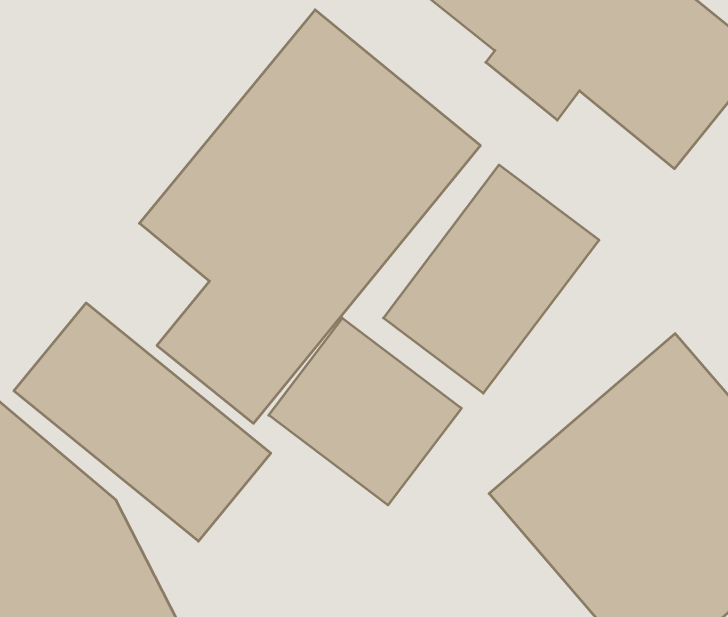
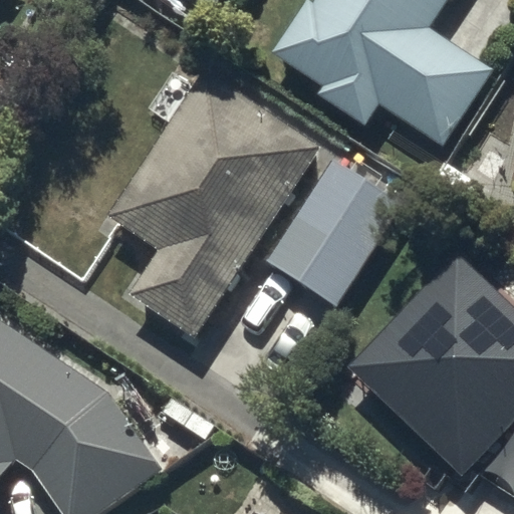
building: [14,303,271,541] -> none
building: [269,318,461,505] -> none

